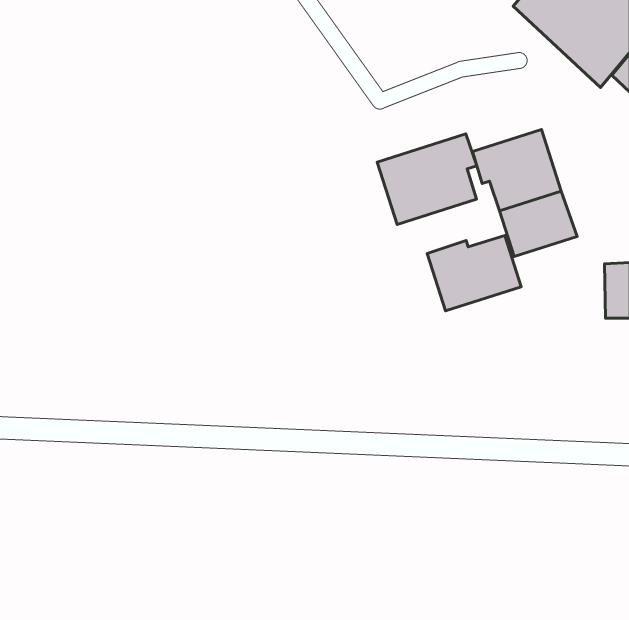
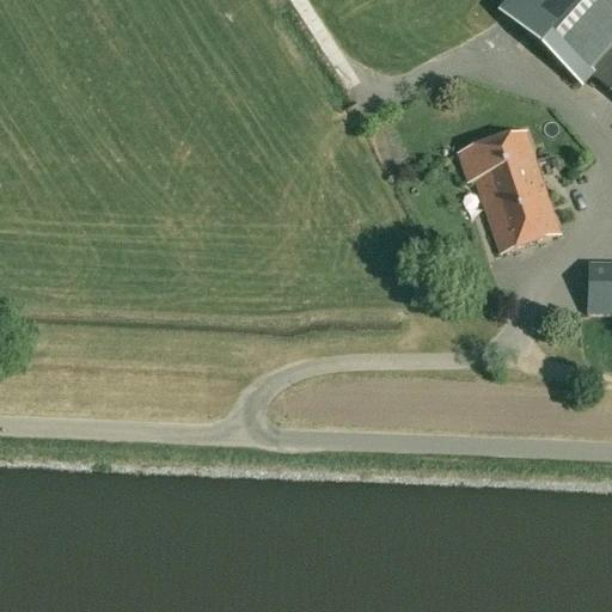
building: [377,134,477,225] -> none
building: [427,235,521,311] -> none

